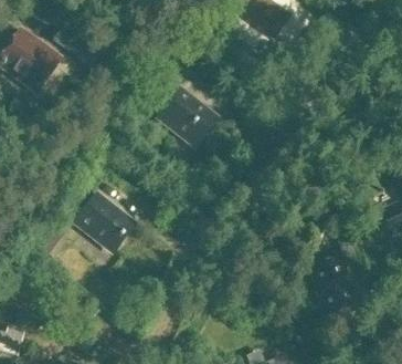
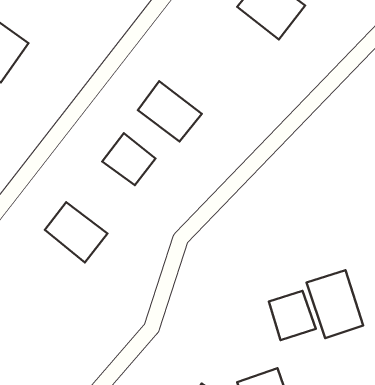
building: none -> [102,133,156,185]
building: none -> [269,291,316,340]

